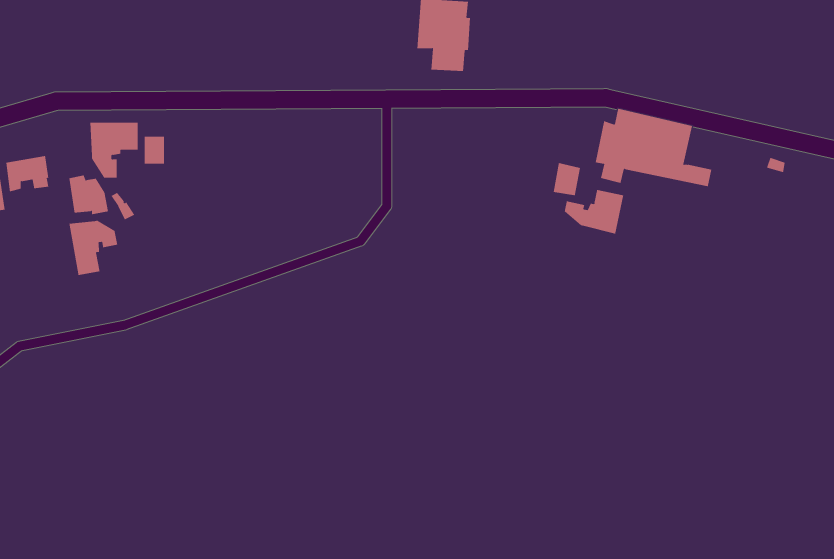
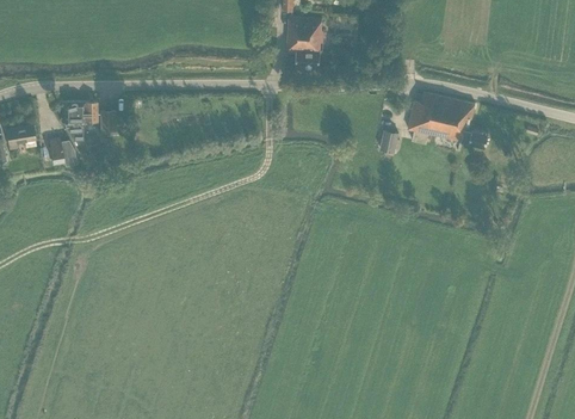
building: [564,189,624,234] -> none
building: [69,220,118,276] -> none

